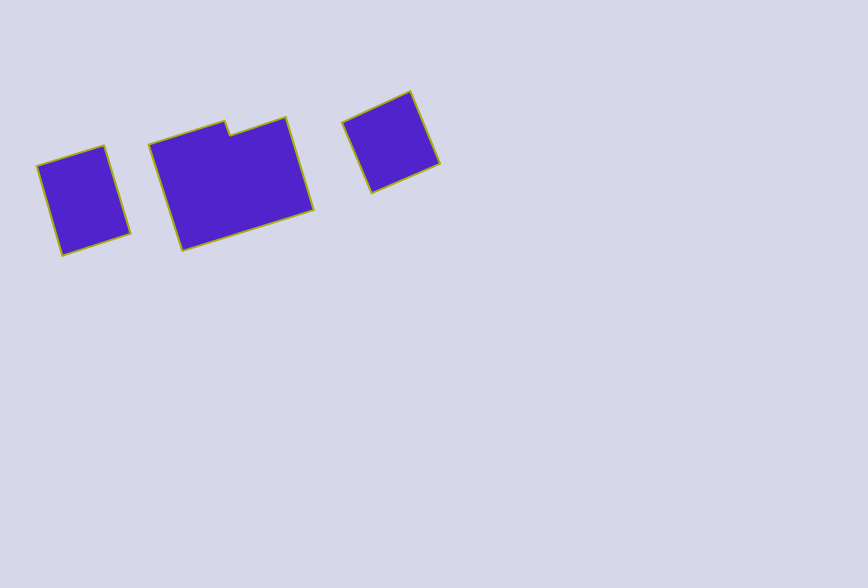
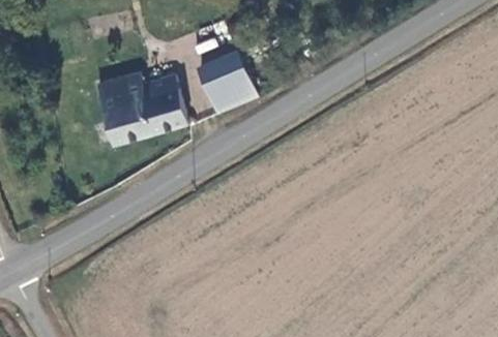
building: [37,145,131,256] -> none

